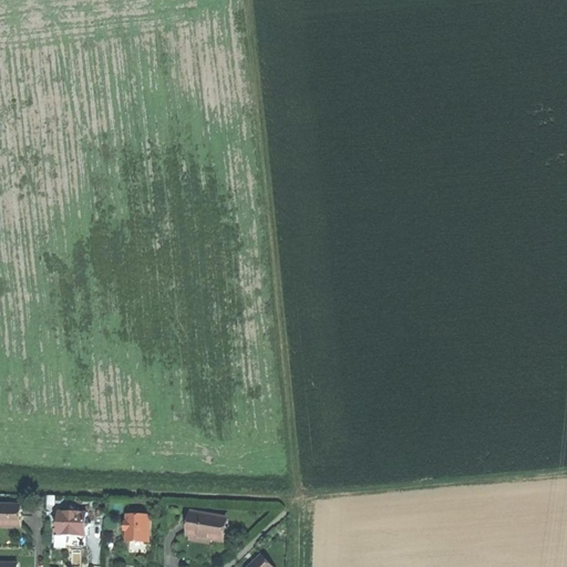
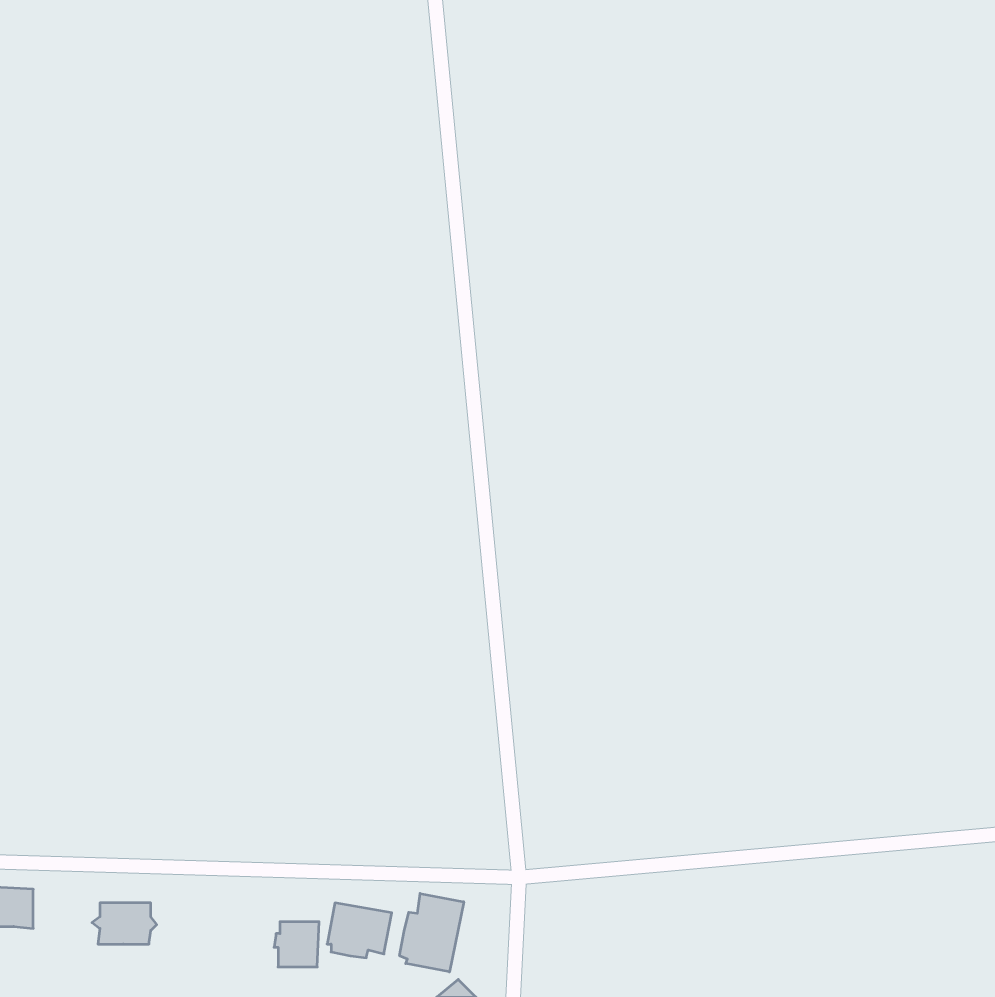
building: none -> [400,893,464,972]
building: [122,514,147,539] -> [274,922,319,967]

